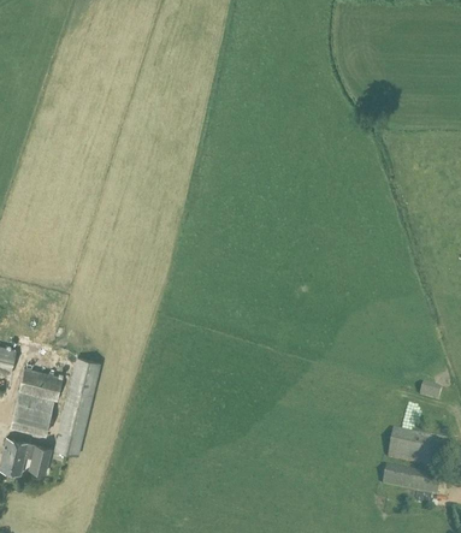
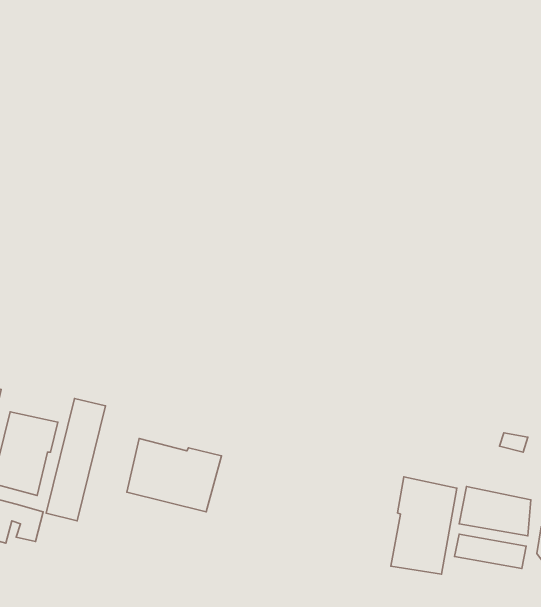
building: none -> [127,439,221,512]
building: none -> [391,477,457,574]

